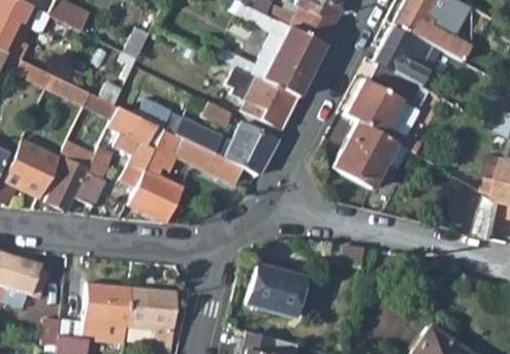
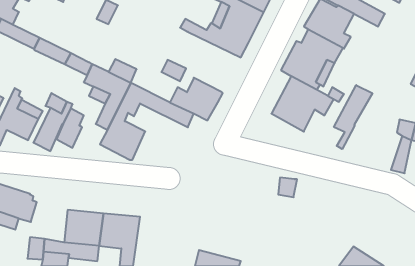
building: [225,67,297,129] -> none
building: [164,111,221,153] -> none
building: none -> [334,85,372,149]
building: [247,264,304,317] -> none

